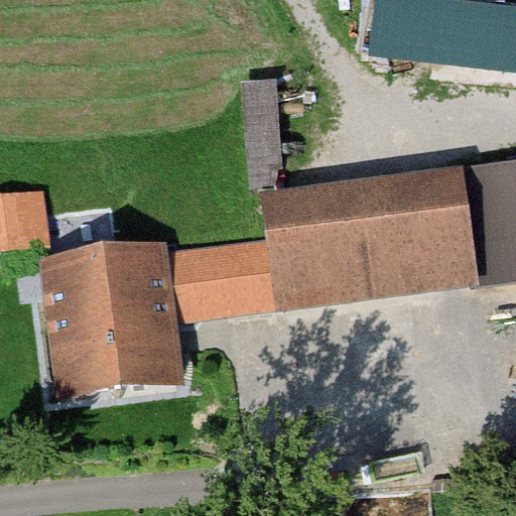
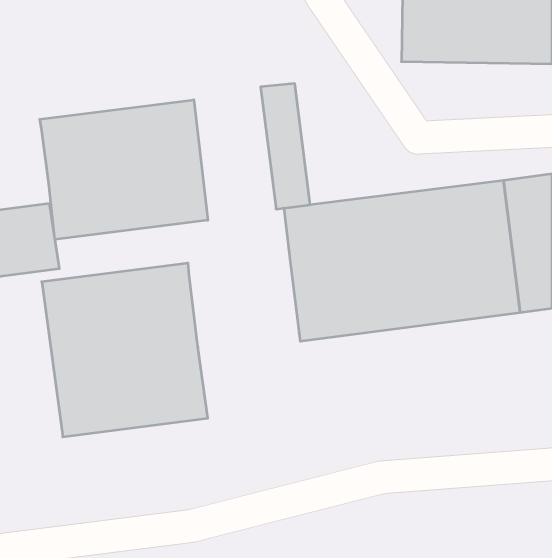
building: none -> [40,100,208,239]
building: [173,240,274,317] -> none

